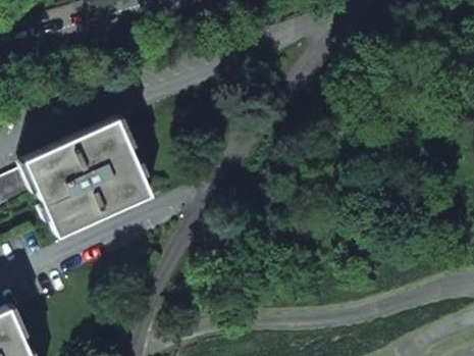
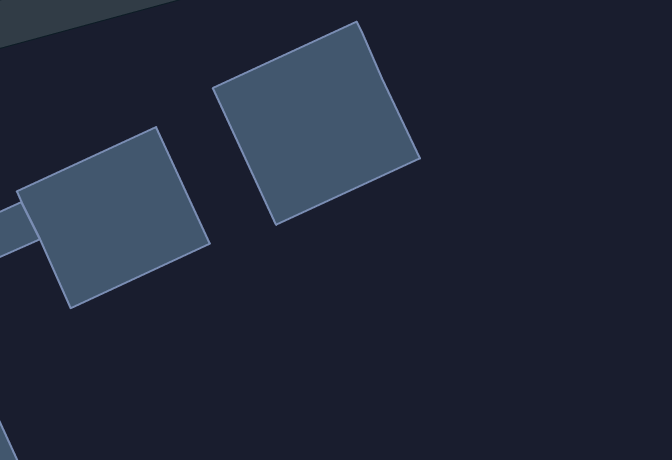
building: none -> [213,22,420,225]

